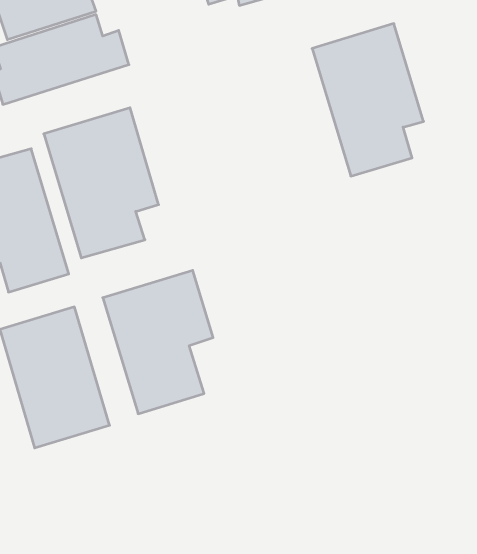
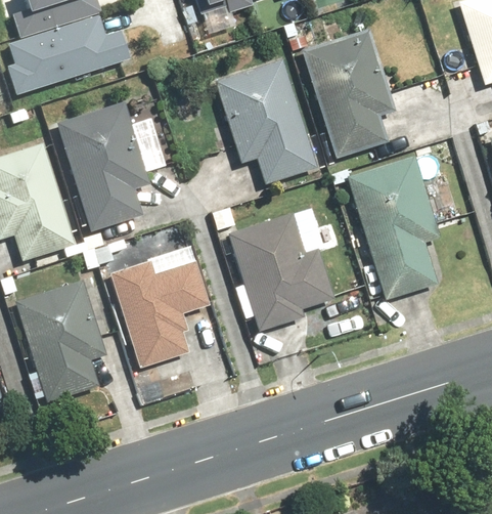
building: none -> [209,56,315,184]
building: none -> [343,154,437,298]
building: none -> [227,215,334,333]

